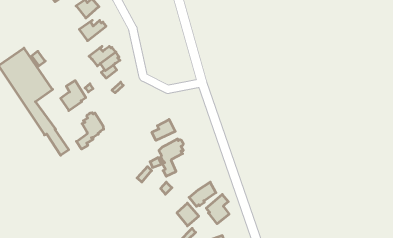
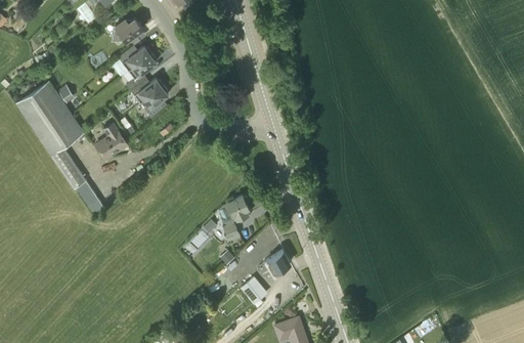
building: none -> [127,53,158,91]
building: [76,113,104,149] -> none
building: [152,119,175,140] -> none
building: [206,194,229,224] -> none

